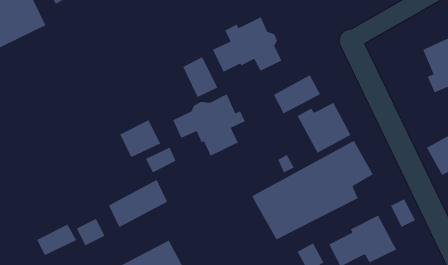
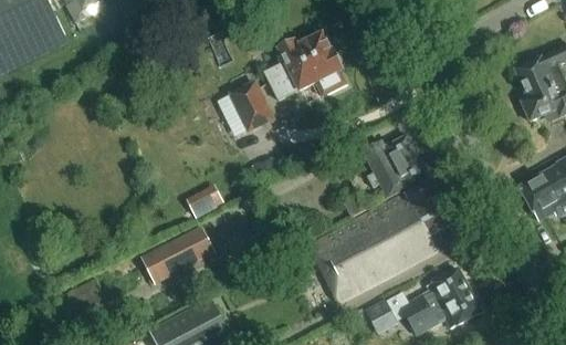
building: [273,74,321,114] -> none
building: [172,93,246,157] -> none
building: [119,119,161,158] -> none
building: [390,198,416,228] -> none
building: [76,218,106,246] -> none

